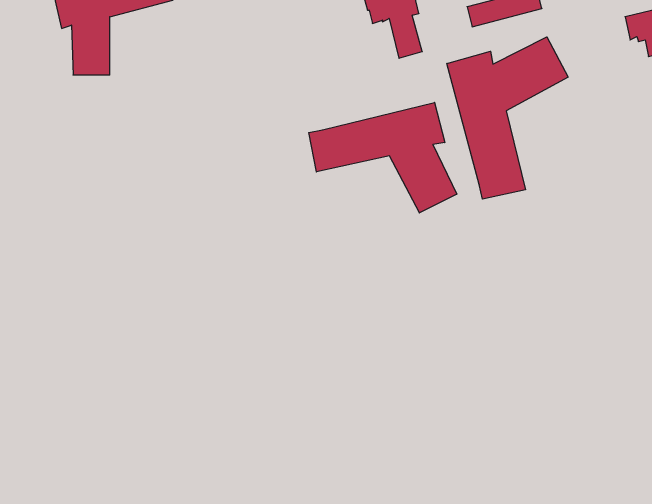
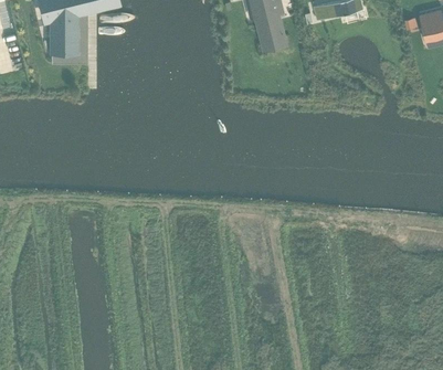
building: [447,37,568,199] -> none
building: [309,102,457,213] -> none

